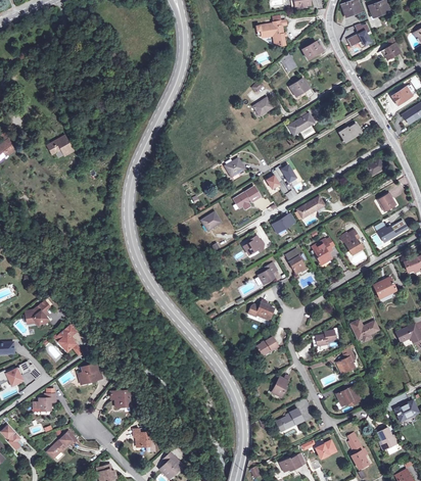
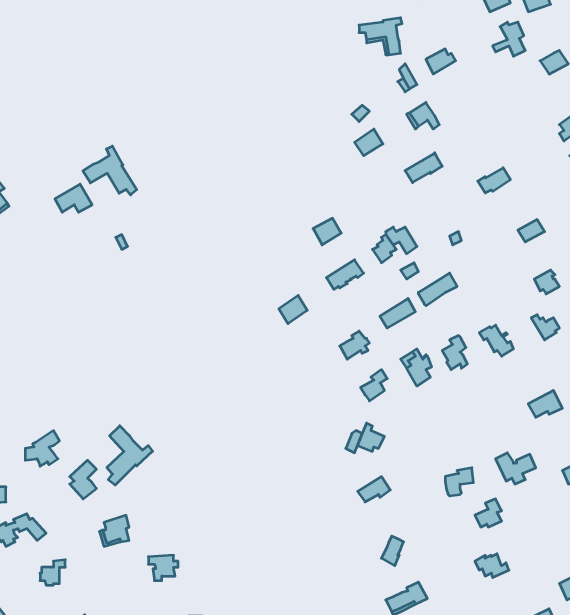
building: none -> [83,146,137,195]
building: none -> [107,426,153,485]

